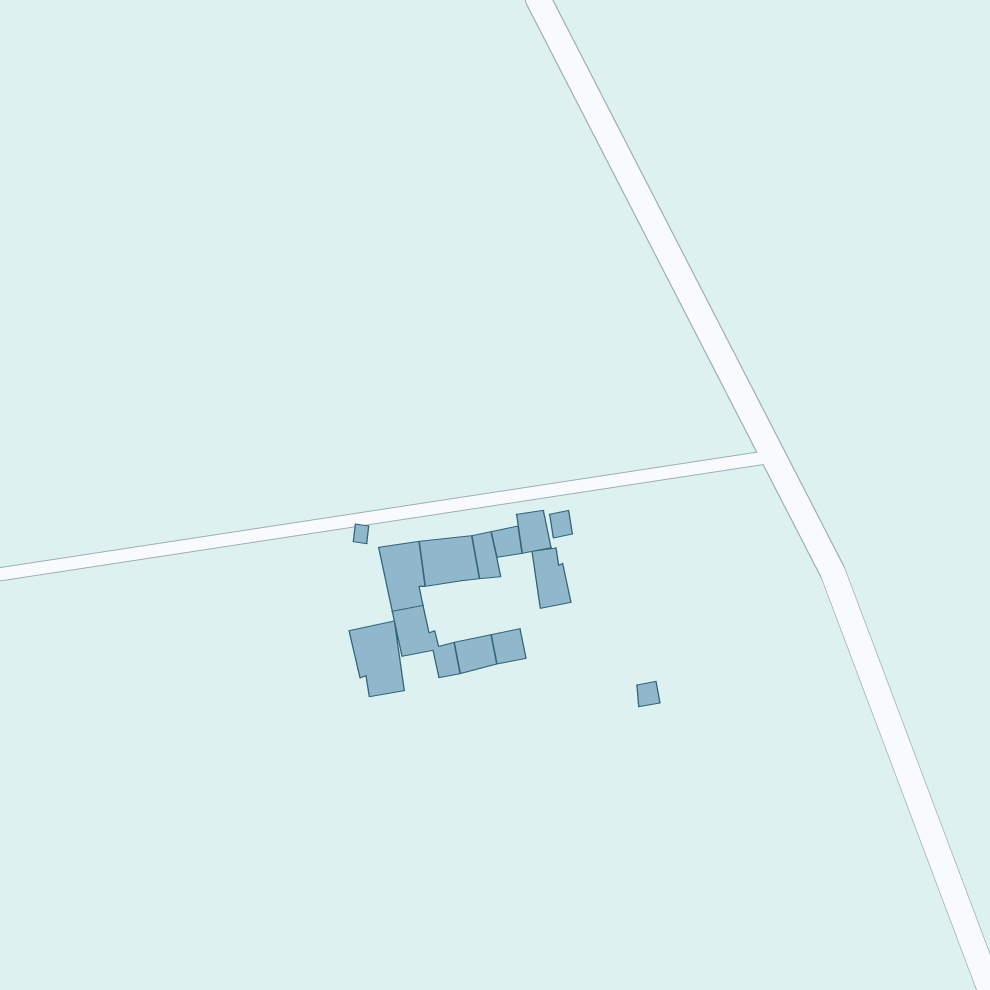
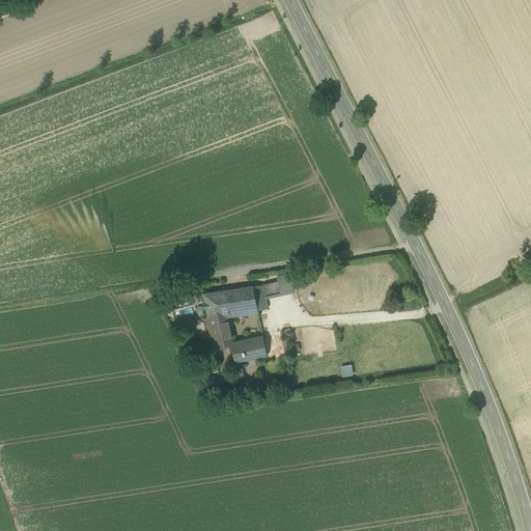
building: [532,548,571,608] -> none
building: [349,621,404,697] -> none

